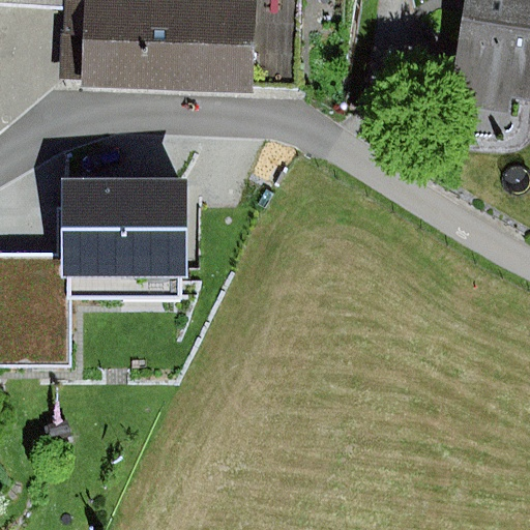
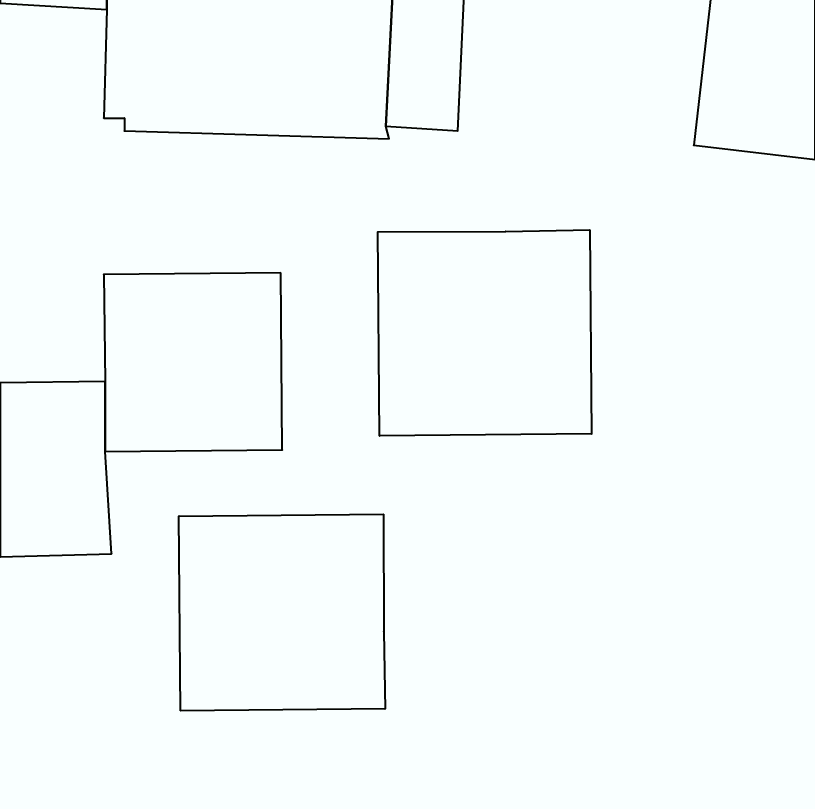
building: none -> [378,230,592,436]
building: none -> [179,514,385,711]

